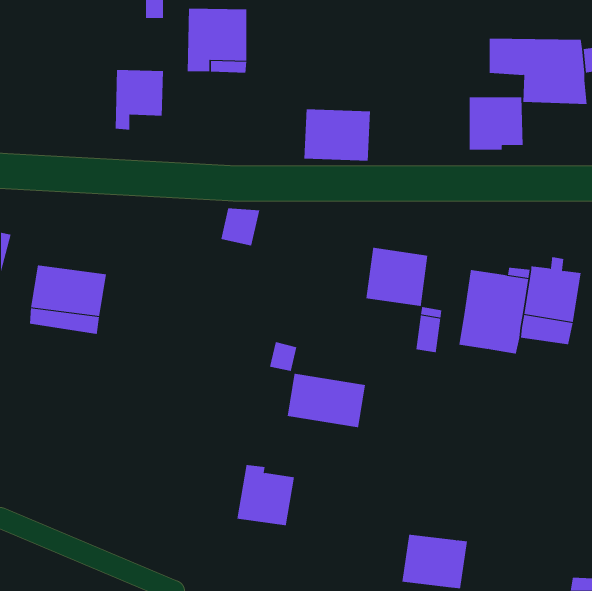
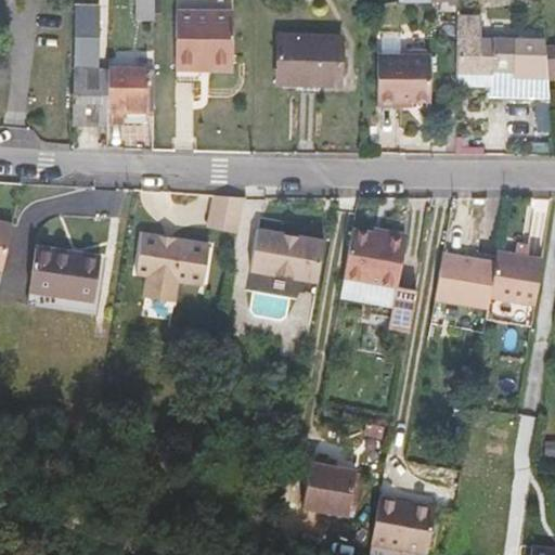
building: none -> [76,5,109,122]
building: [469,97,523,150] -> [380,52,431,102]
building: [303,109,371,161] -> [279,35,341,83]
building: none -> [137,233,210,301]
building: [287,373,366,428] -> [249,230,323,281]
building: [237,464,295,526] -> [305,464,359,521]

